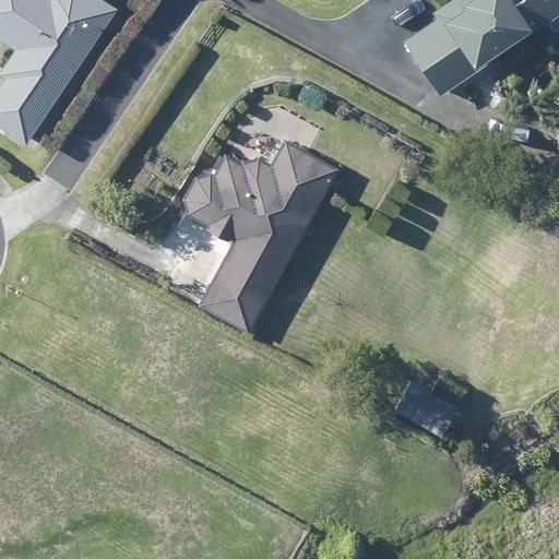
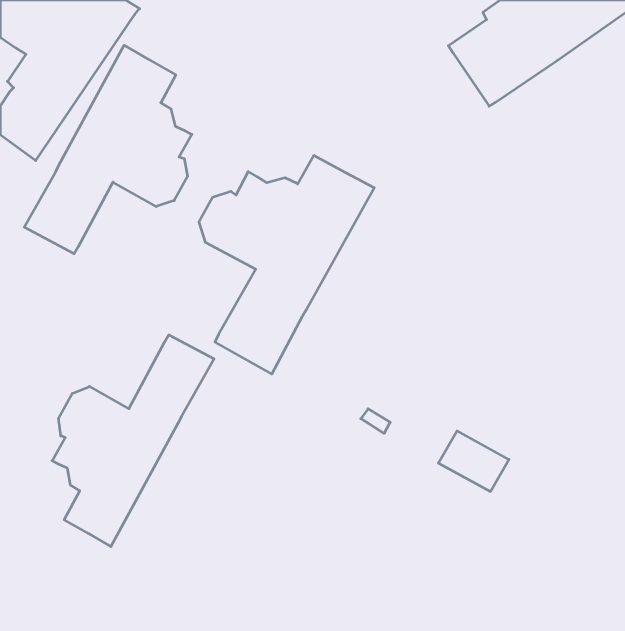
building: none -> [24,45,192,254]
building: none -> [52,335,214,547]

